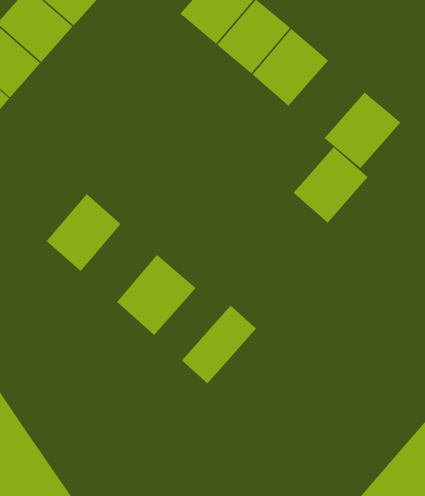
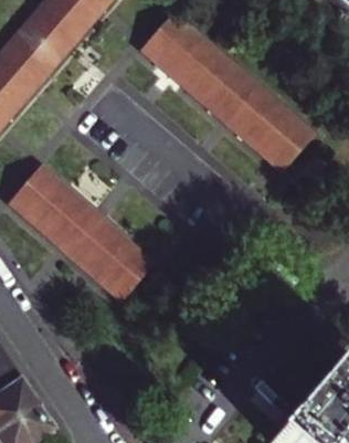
building: [292,146,369,224] -> [228,85,287,146]
building: none -> [9,165,70,226]
building: none -> [65,213,125,274]
building: [181,305,257,384] -> none

